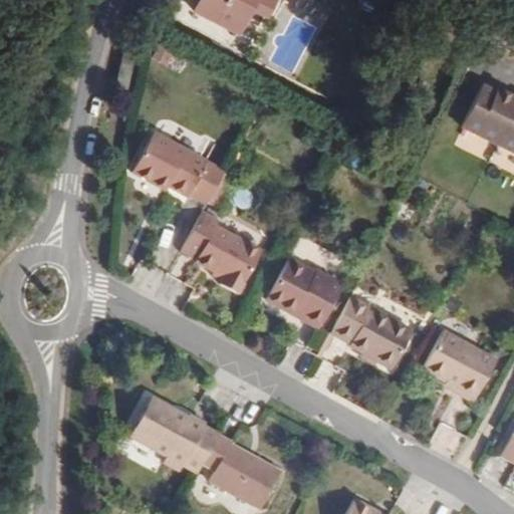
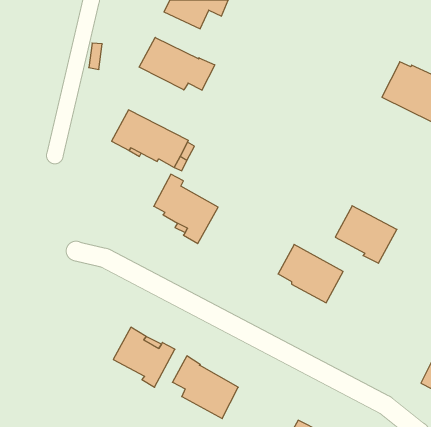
building: none -> [139,37,215,90]
building: [266,256,343,322] -> none
building: [421,327,494,396] -> [335,206,397,263]

